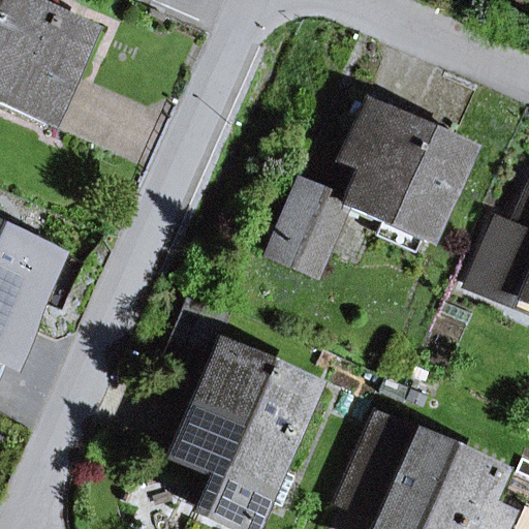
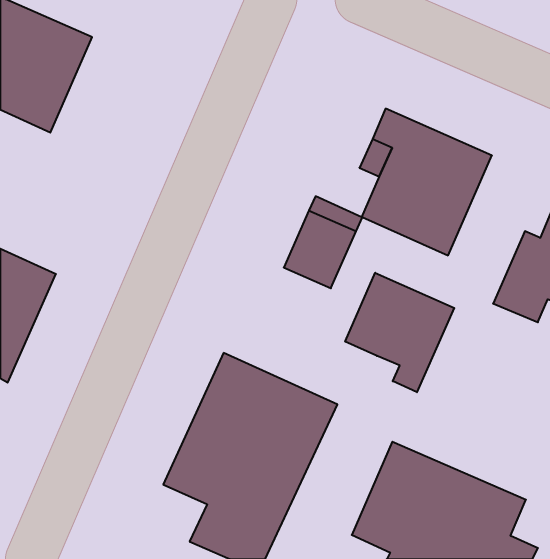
building: none -> [345,273,454,392]

